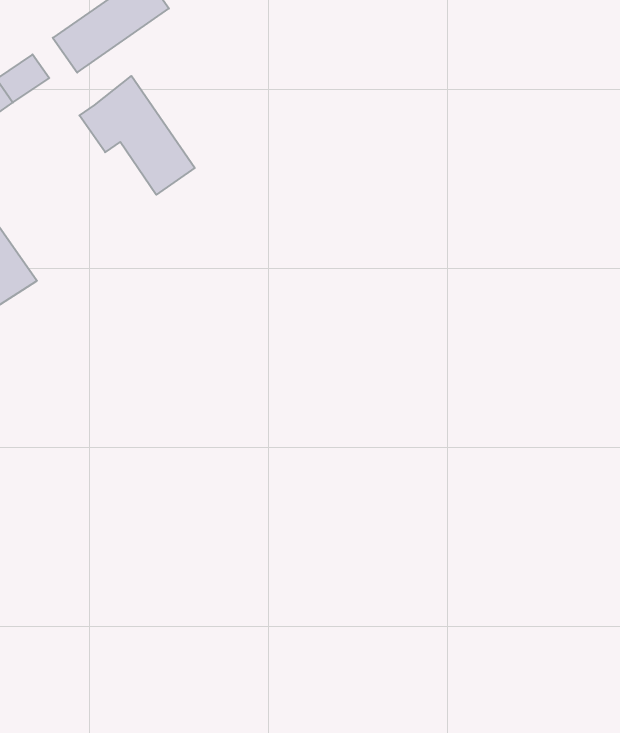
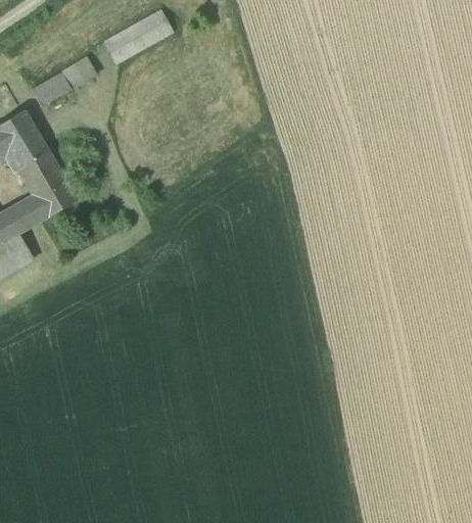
building: [79,76,195,195] -> none

